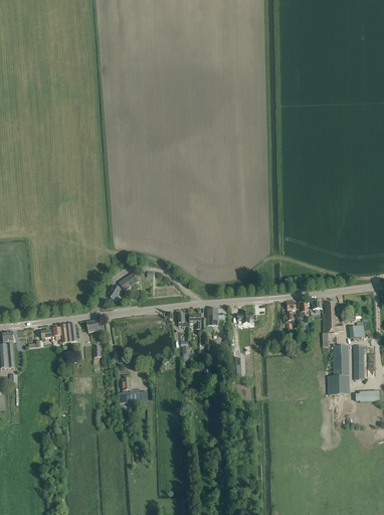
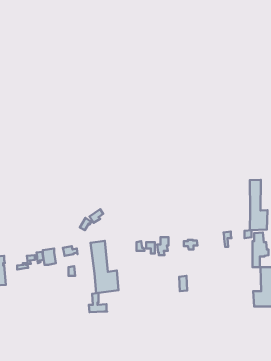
building: none -> [250,180,267,230]
building: none -> [91,241,119,293]

